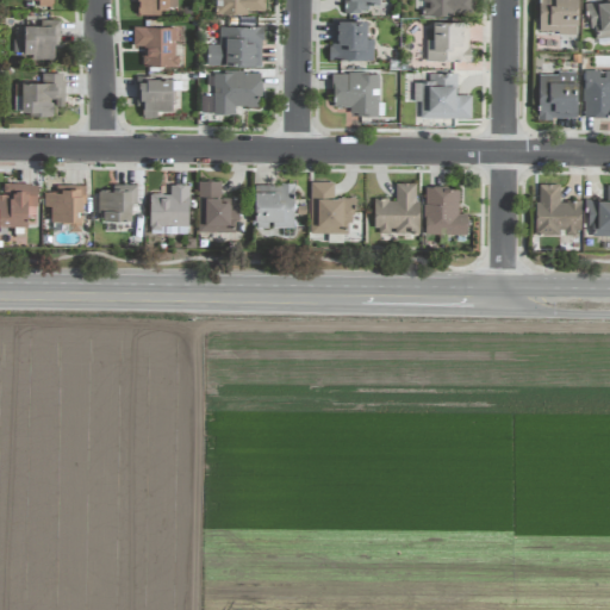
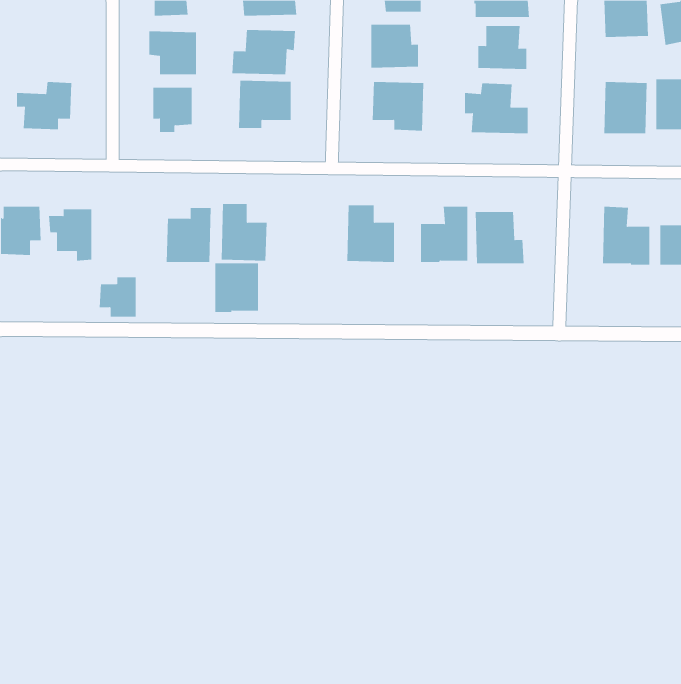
building: [24,25,62,58] -> none
building: [99,185,132,220] -> [99,277,136,317]
building: [256,185,295,229] -> [215,263,259,312]

